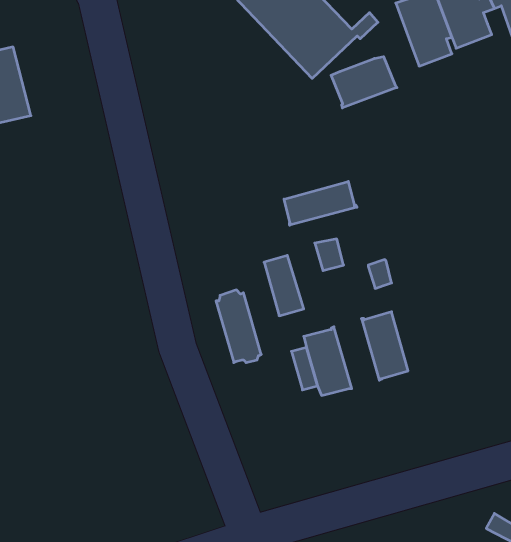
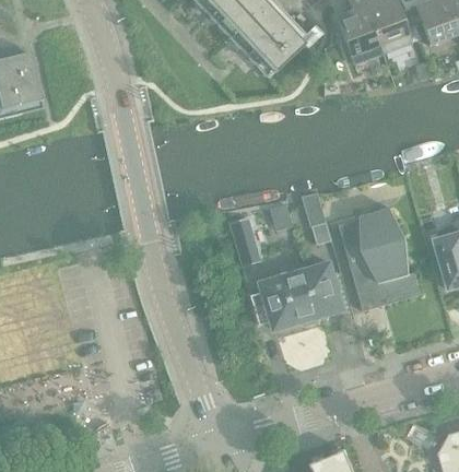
building: [331,57,397,108] -> none
building: [284,181,357,225] -> none
building: none -> [338,208,420,309]
building: [216,290,261,363] -> [284,266,320,323]

